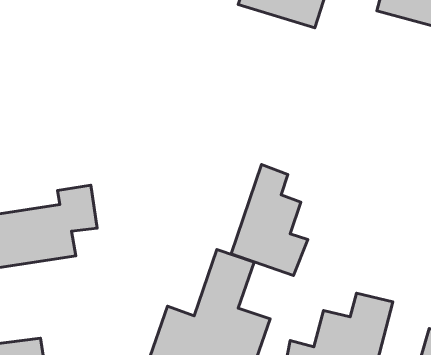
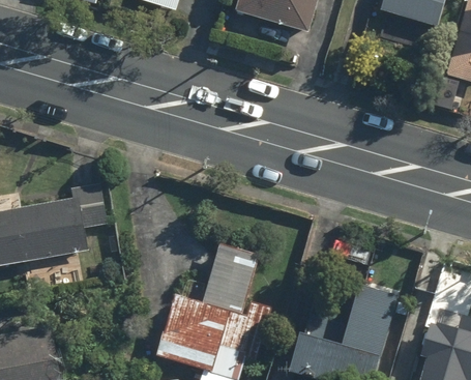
building: [231,165,308,275] -> none

